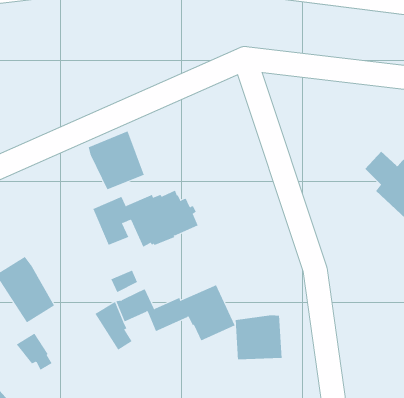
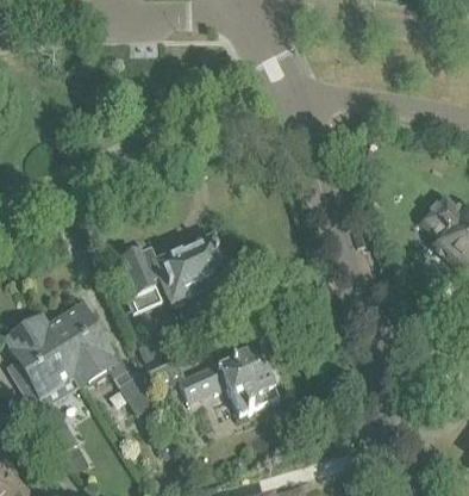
building: [88,131,145,190] -> none
building: none -> [45,306,125,384]
building: [235,315,282,360] -> none

